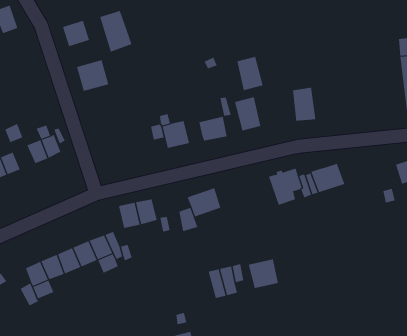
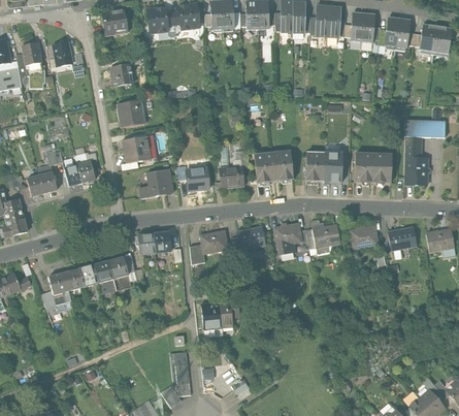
building: [99,10,132,53] -> none
building: [237,56,263,91] -> [272,152,293,181]
building: none -> [355,155,391,183]
building: none -> [324,153,342,182]
building: none -> [123,137,152,163]
building: none -> [140,169,173,198]
building: none -> [352,225,380,248]
building: none -> [237,227,264,250]
building: [248,258,279,289] -> none

